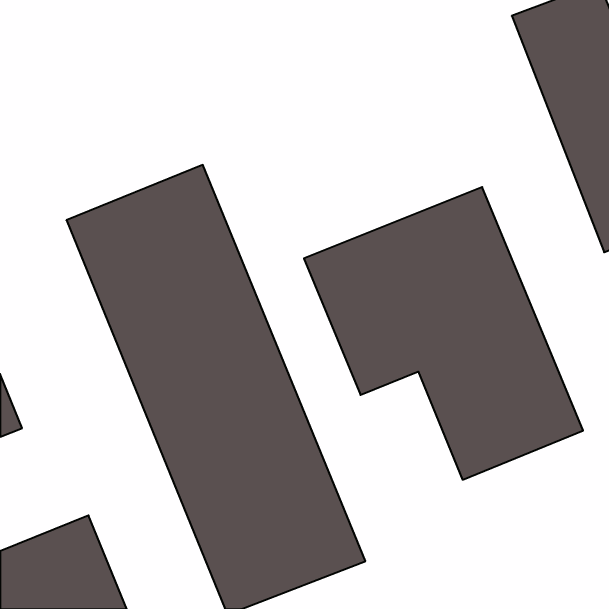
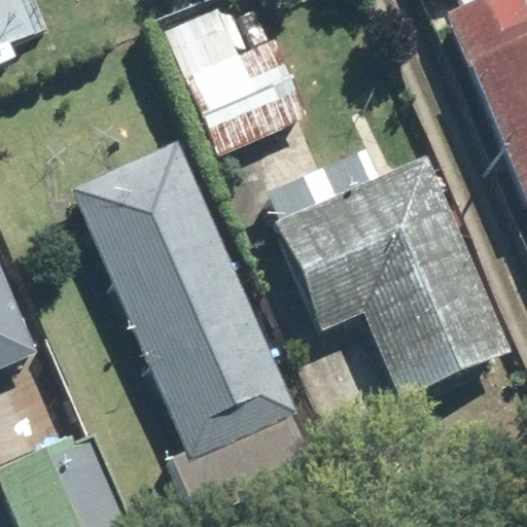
building: none -> [169,6,313,151]

